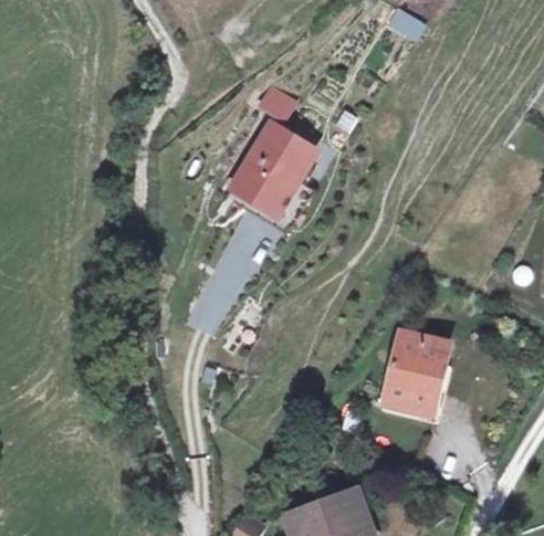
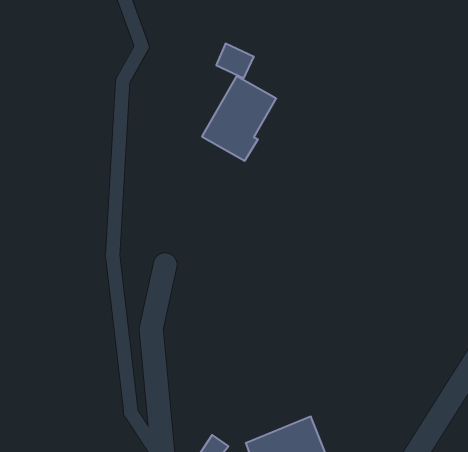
building: [386,328,451,408] -> none

